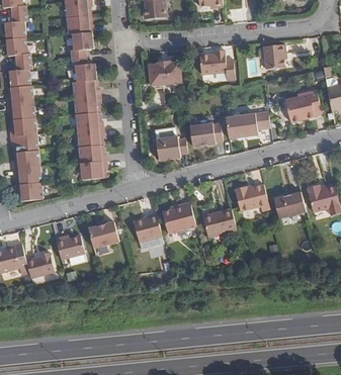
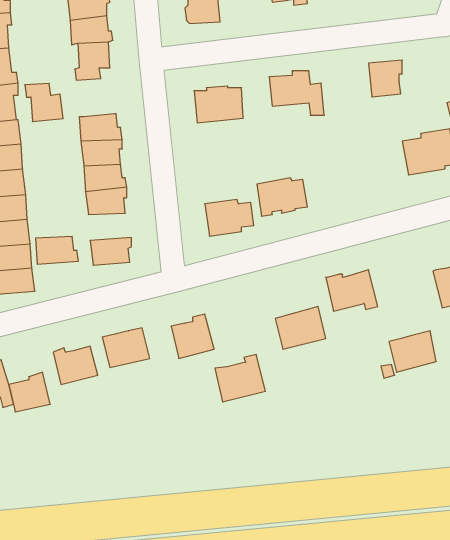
building: [70,57,95,82] -> [25,83,63,122]
building: [226,112,270,139] -> none
building: [78,146,106,164] -> [36,237,78,264]
building: [273,190,305,217] -> [389,331,436,372]
building: [162,201,195,232] -> [215,355,265,402]

